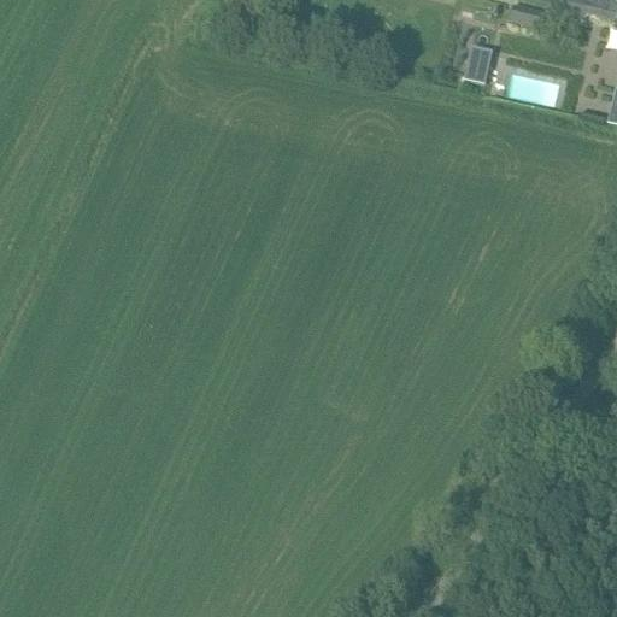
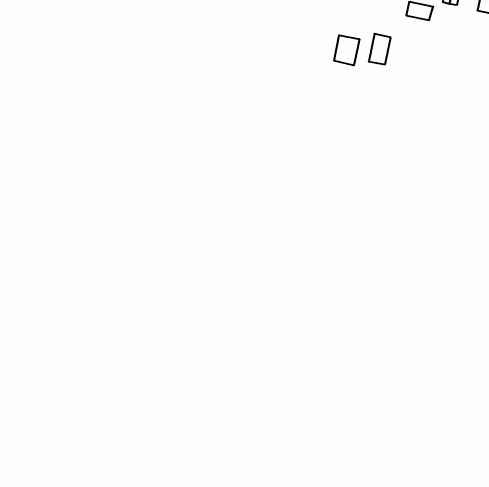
building: none -> [334,35,359,65]

